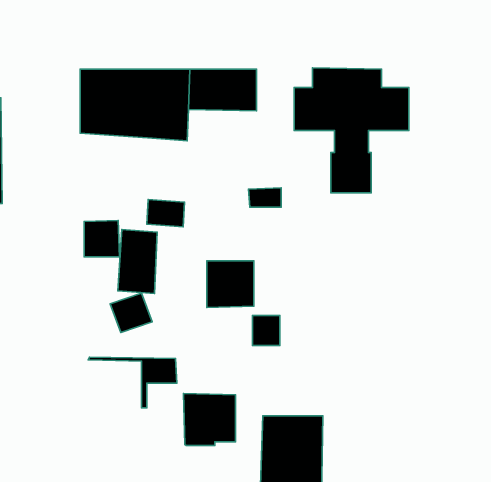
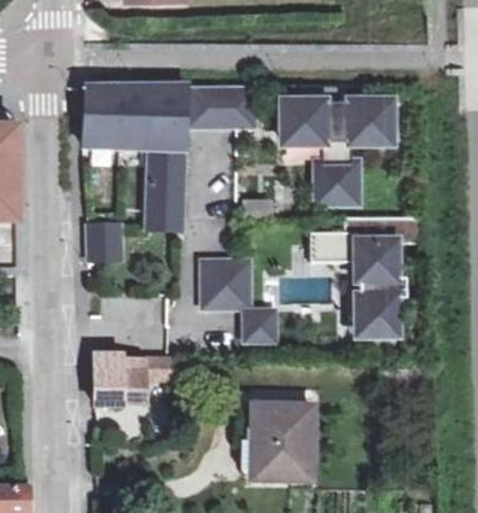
building: none -> [308,218,424,352]
building: [118,230,157,293] -> [147,151,183,210]
building: [183,394,236,446] -> [93,356,141,404]

